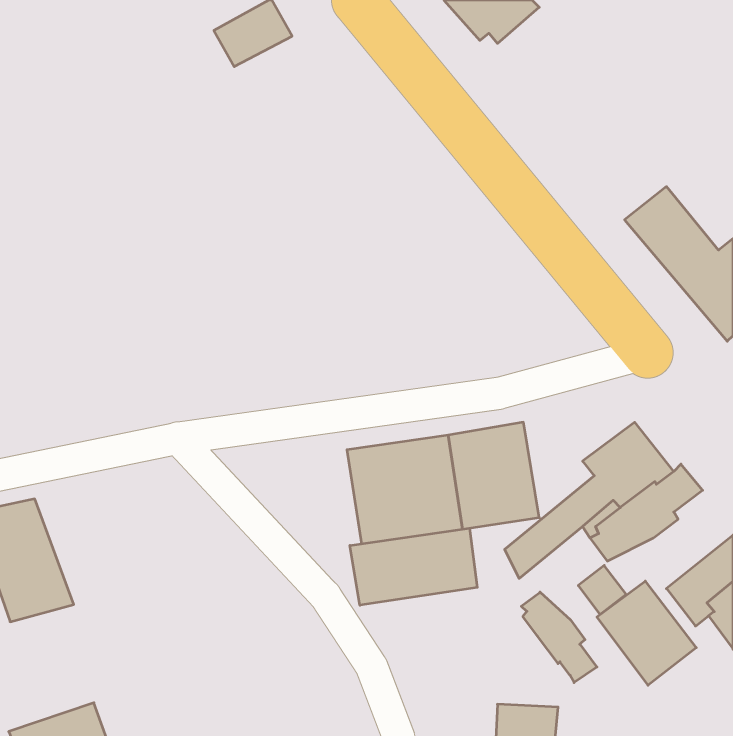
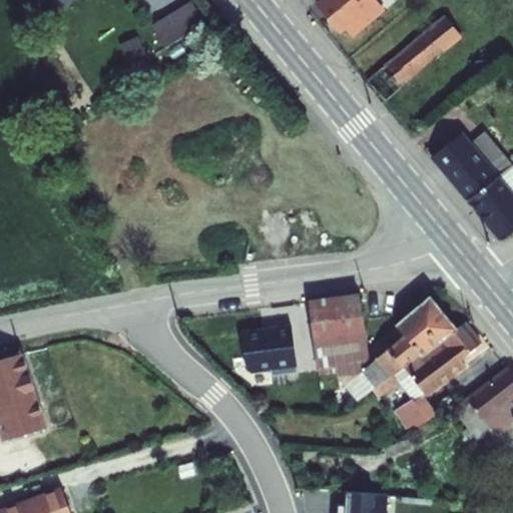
building: none -> [361,14,457,100]
building: [350,528,477,605] -> none
building: [597,581,696,685] -> none
building: [521,592,597,683] -> none

